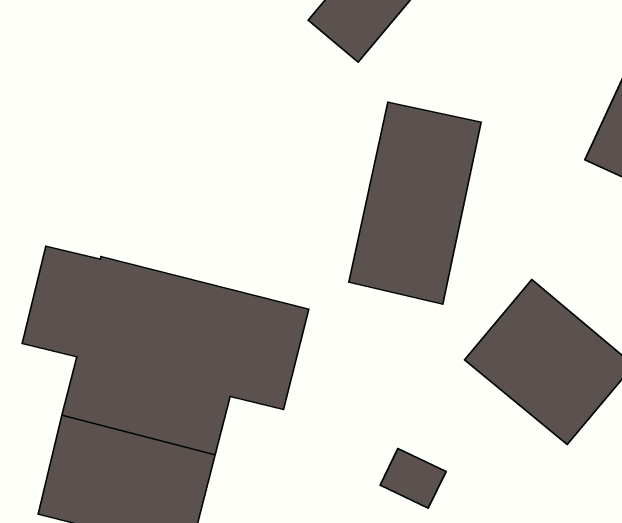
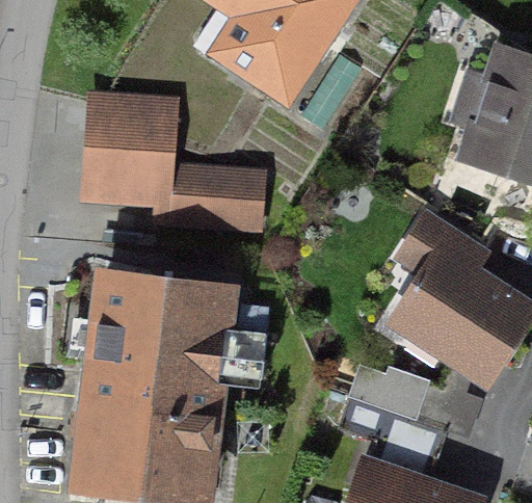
building: none -> [81,96,267,232]
building: [349,102,481,304] -> none

